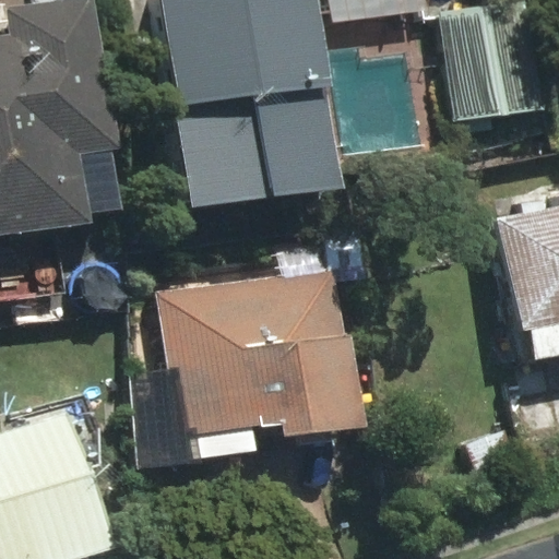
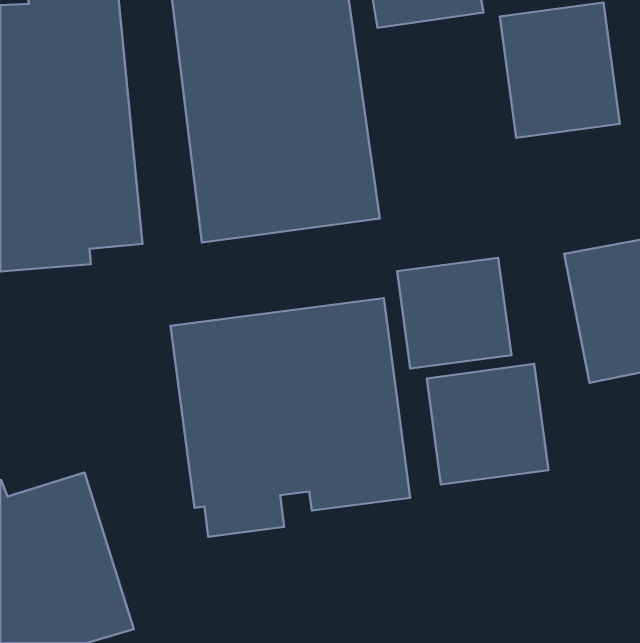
building: none -> [397,258,511,369]
building: none -> [427,364,548,485]

